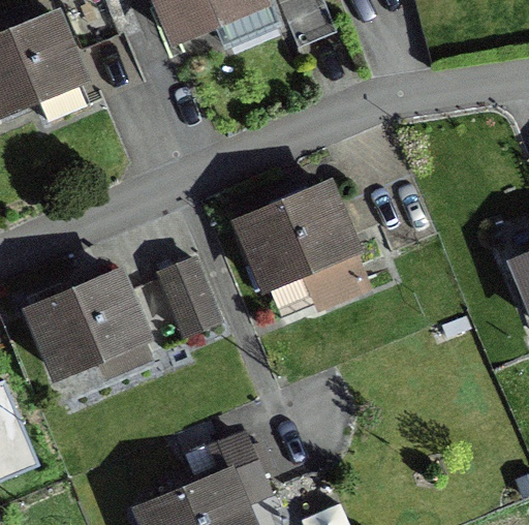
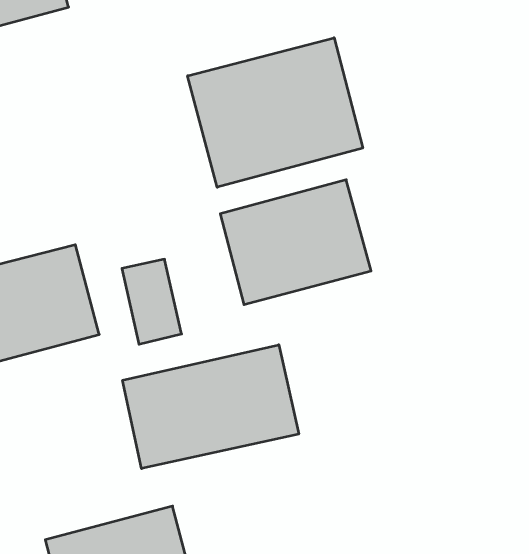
building: none -> [188,38,363,187]
building: none -> [123,345,299,469]

